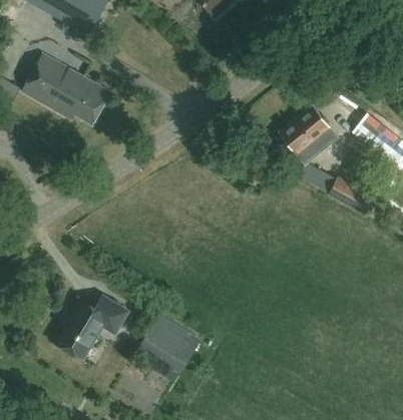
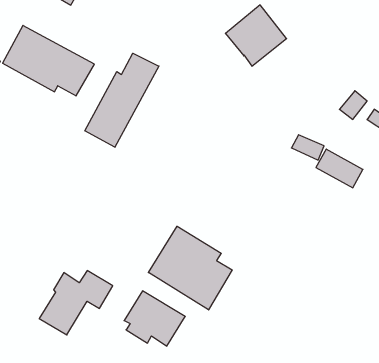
building: none -> [85,53,159,147]
building: [279,104,339,164] -> [225,5,287,66]
building: none -> [148,226,232,310]

